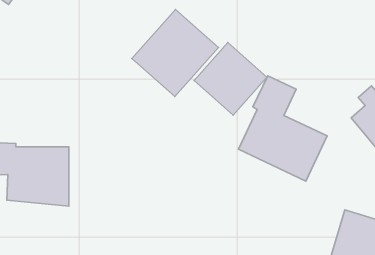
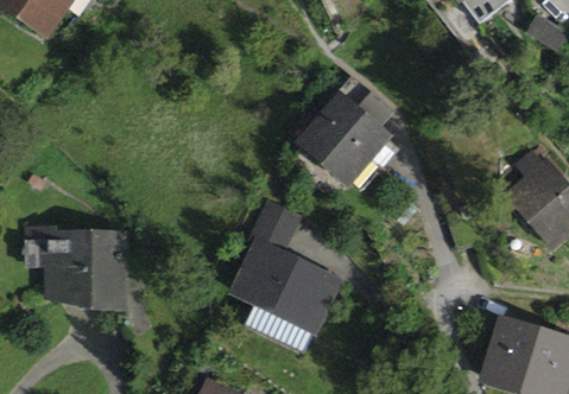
building: [132,9,219,97] -> none
building: [238,76,327,181] -> [228,197,347,338]

